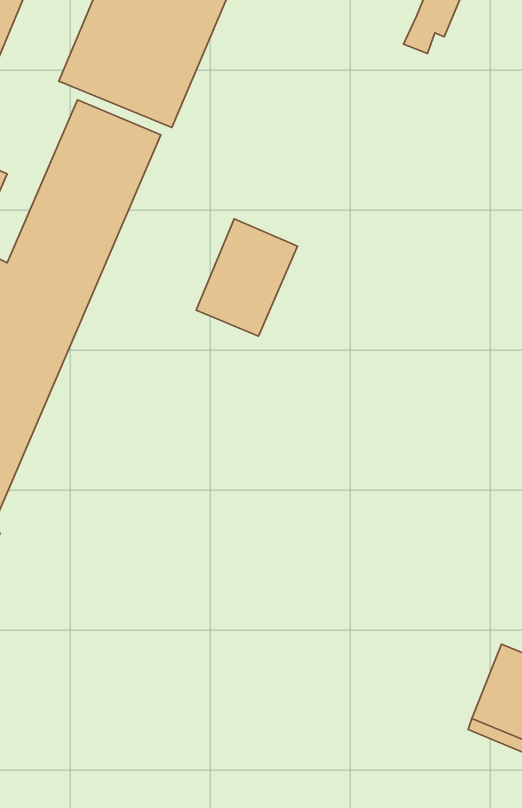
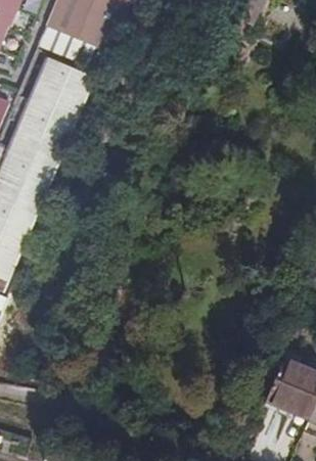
building: [196,219,297,336] -> none

